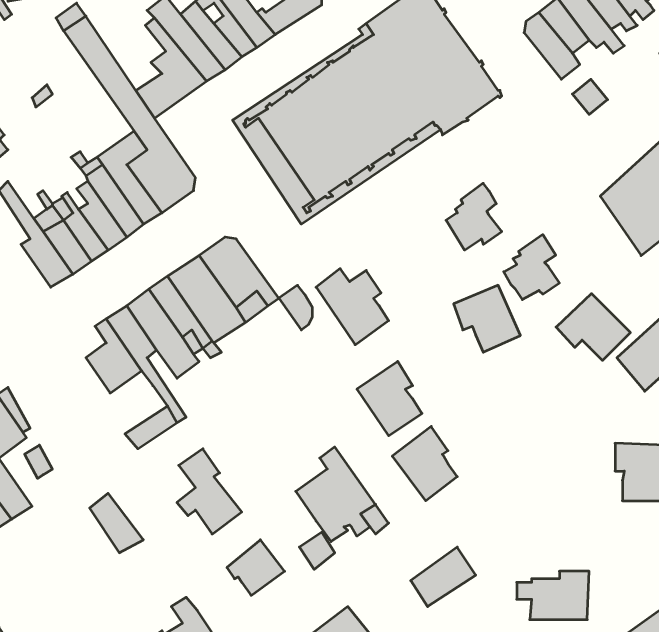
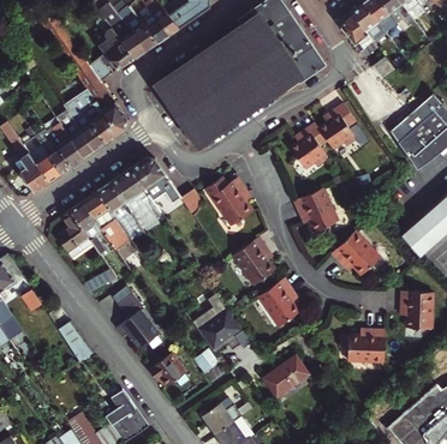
building: [504,235,559,300] -> [318,103,354,145]
building: [556,294,630,360] -> [330,230,379,274]
building: [517,571,589,620] -> [338,330,385,361]

